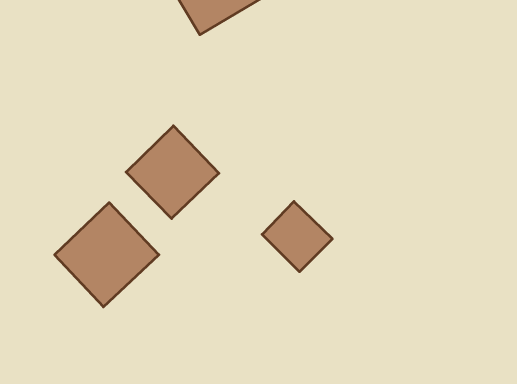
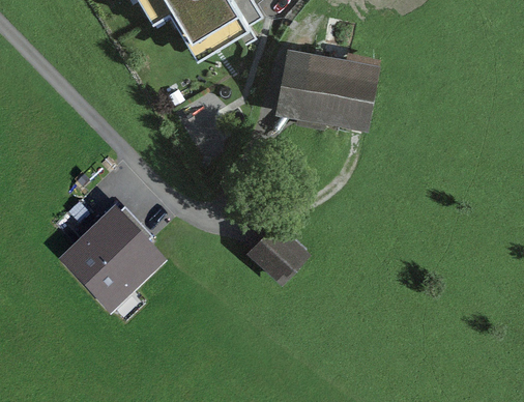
building: none -> [279,50,376,122]
building: [126,126,219,219] -> none

